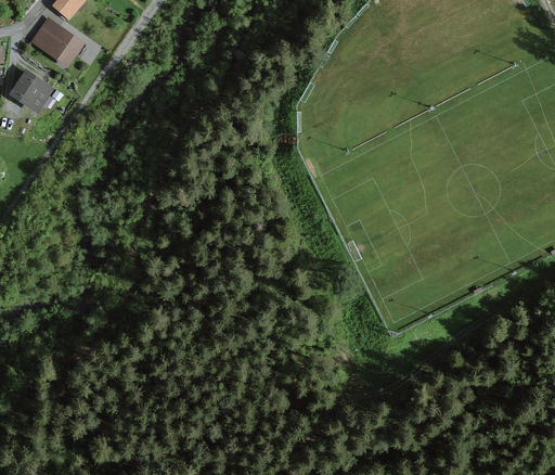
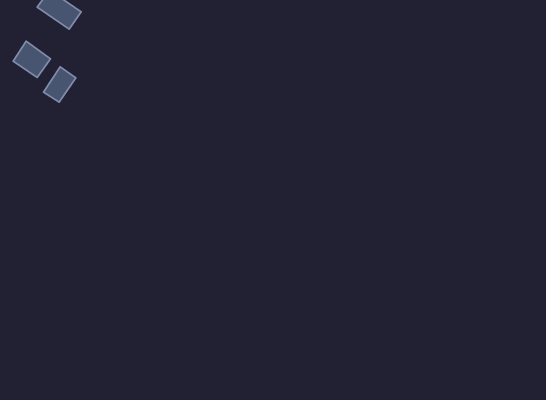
building: none -> [44,67,76,102]

